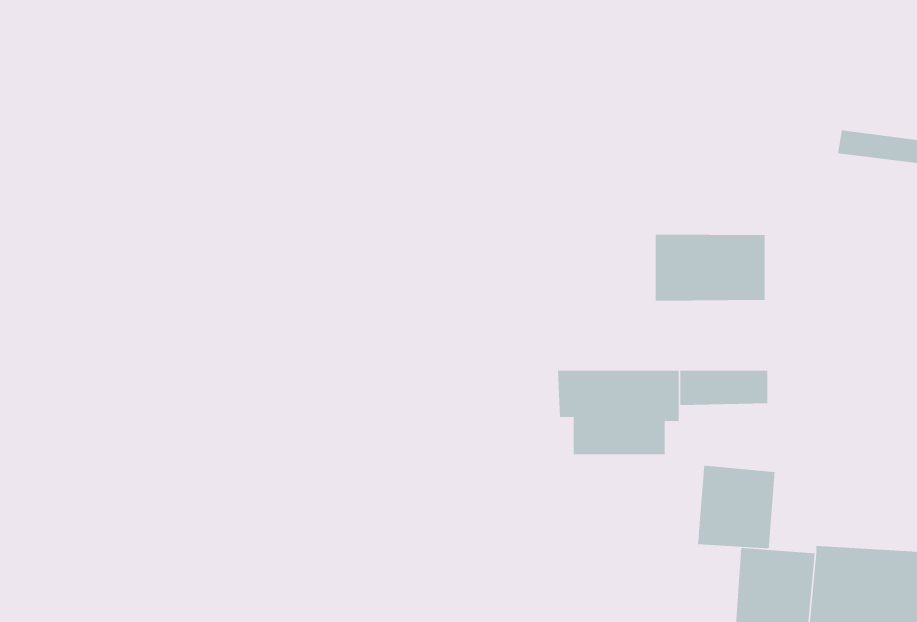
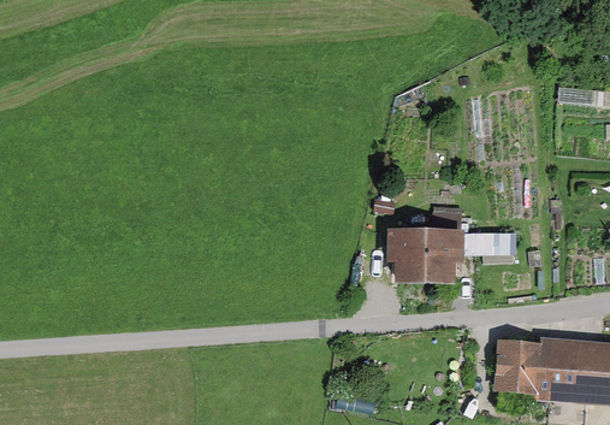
building: [655,234,765,301] -> none
building: [698,465,775,549] -> none

